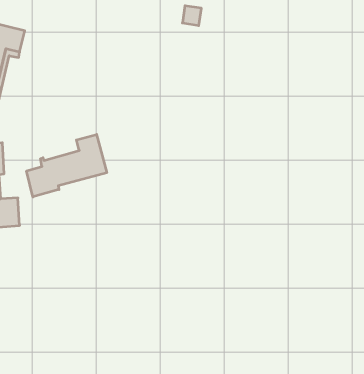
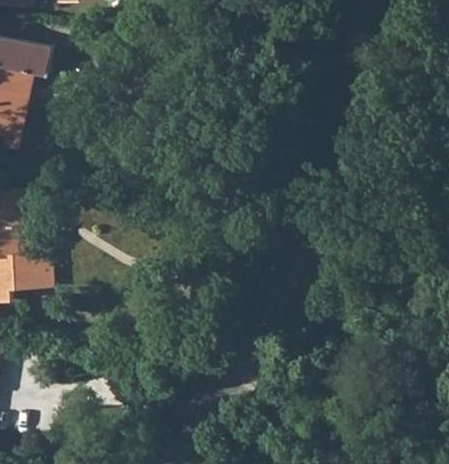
building: [27,134,107,197] -> none

